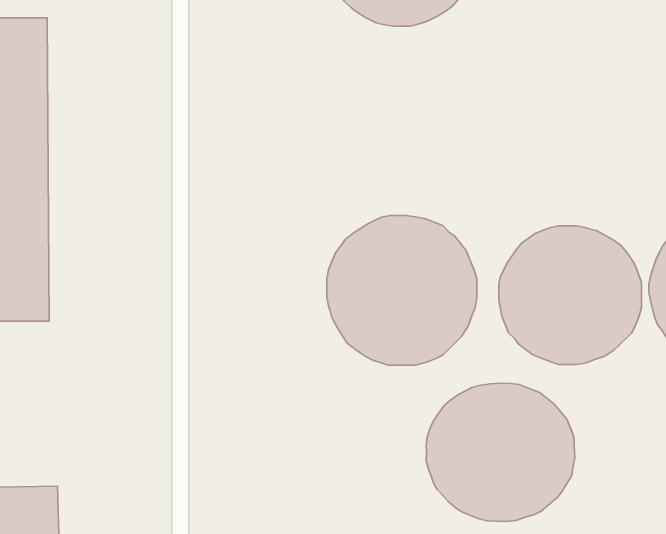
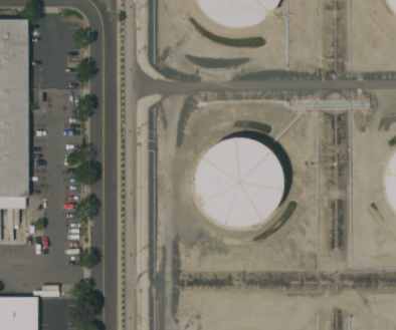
building: [499,226,641,364] -> none
building: [426,383,575,522] -> none

